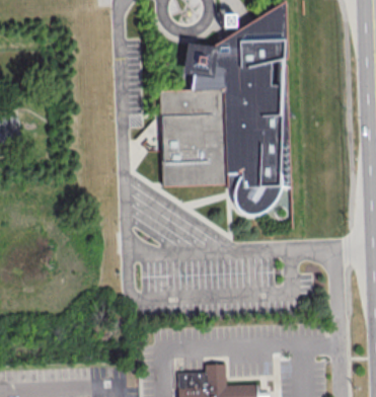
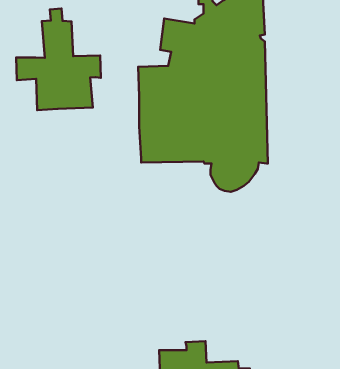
building: none -> [16,9,101,110]

